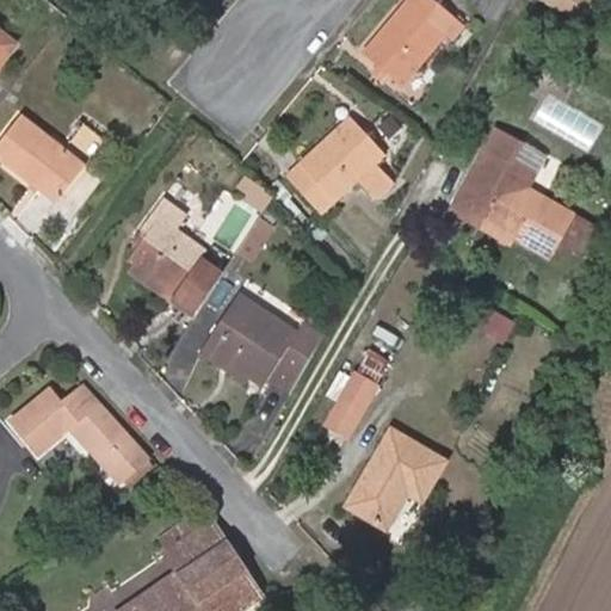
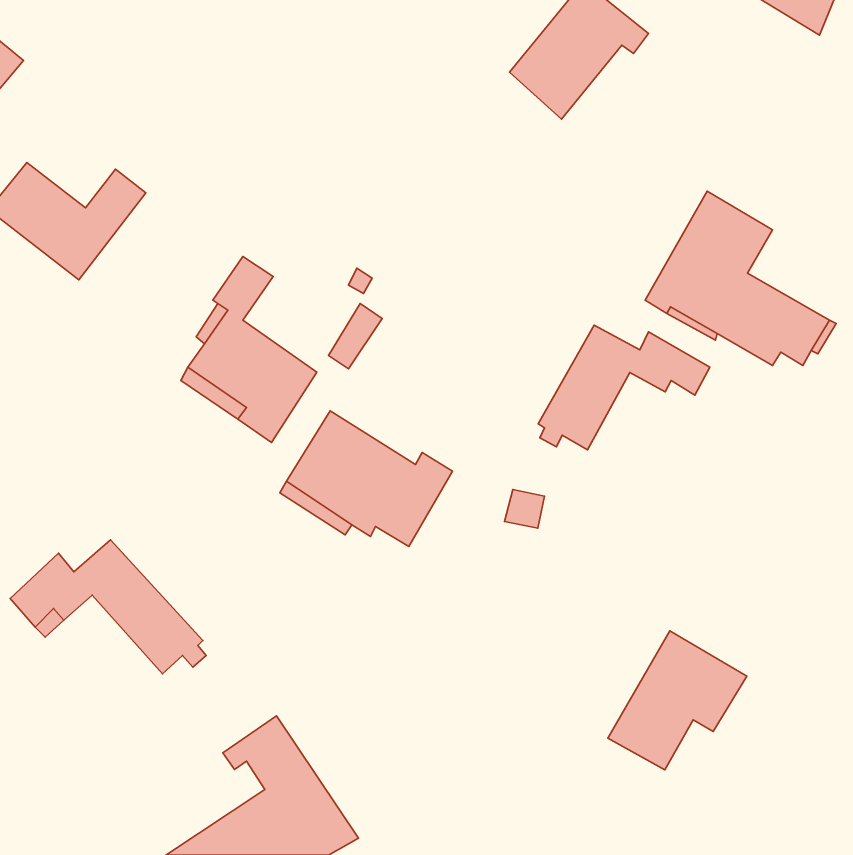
building: [286,116,390,211] -> none
building: none -> [538,325,710,450]
building: [326,372,375,434] -> none
building: [345,427,444,526] -> [608,631,747,770]

